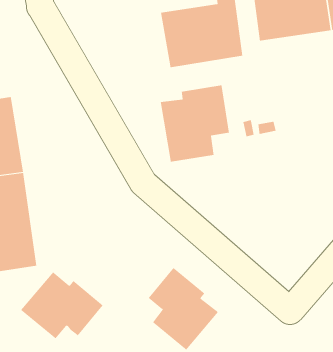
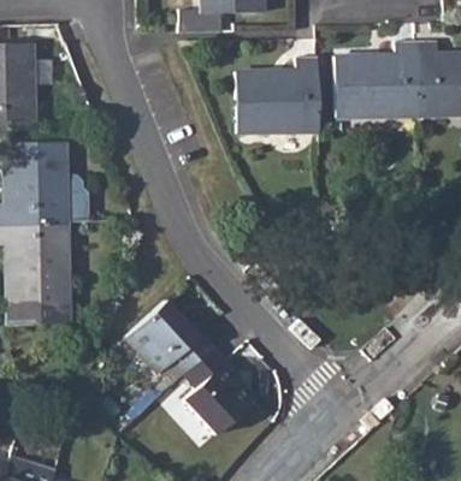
building: [160,85,230,162] -> none
building: [20,271,104,339] -> [125,301,214,373]

